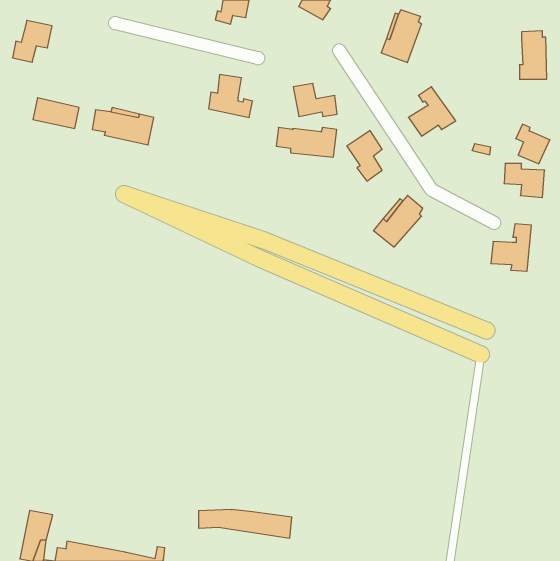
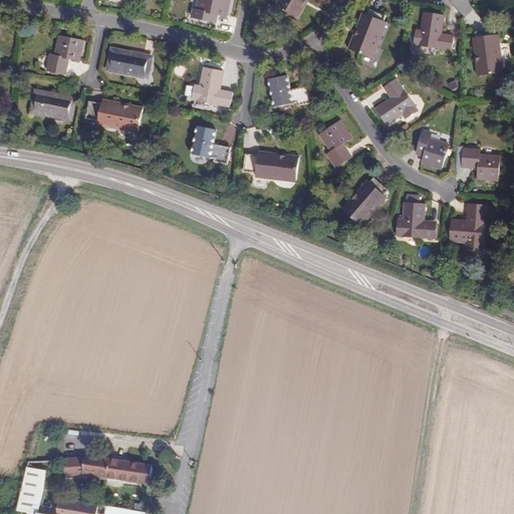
building: none -> [413,13,453,51]
building: [12,20,52,62] -> [45,35,81,73]
building: none -> [106,49,150,76]
building: [516,124,550,164] -> [416,132,447,168]
building: [276,127,337,157] -> [242,154,297,181]
building: none -> [192,124,229,163]
building: none -> [396,202,434,237]
building: [199,510,292,538] -> [68,460,154,486]

